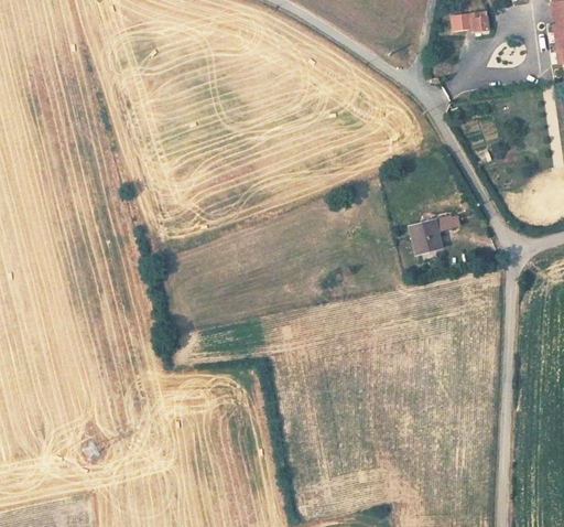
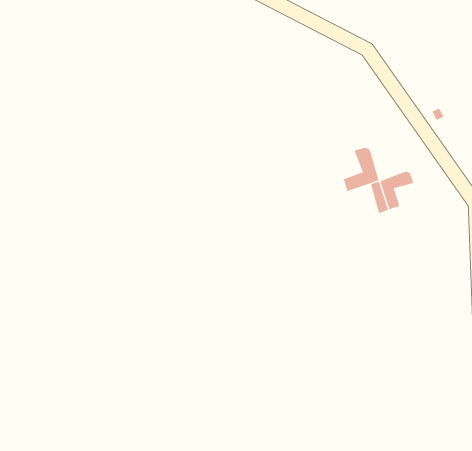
building: none -> [343,147,379,192]

